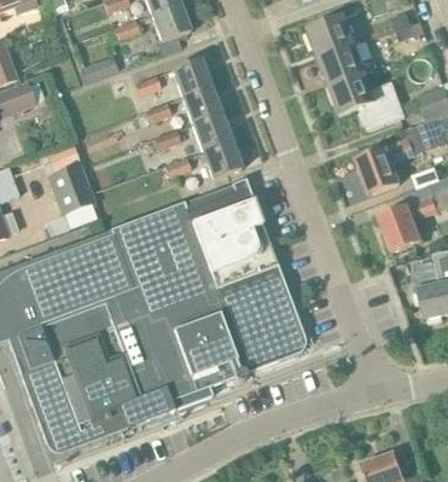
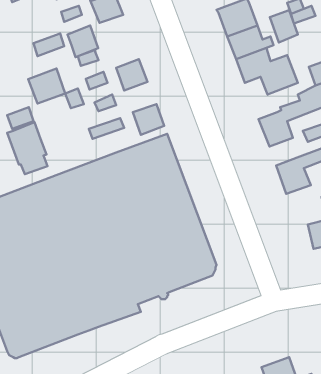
building: none -> [270,10,298,43]
building: [173,58,210,97] -> [68,26,98,57]
building: none -> [28,68,65,103]
building: [192,114,232,151] -> none

